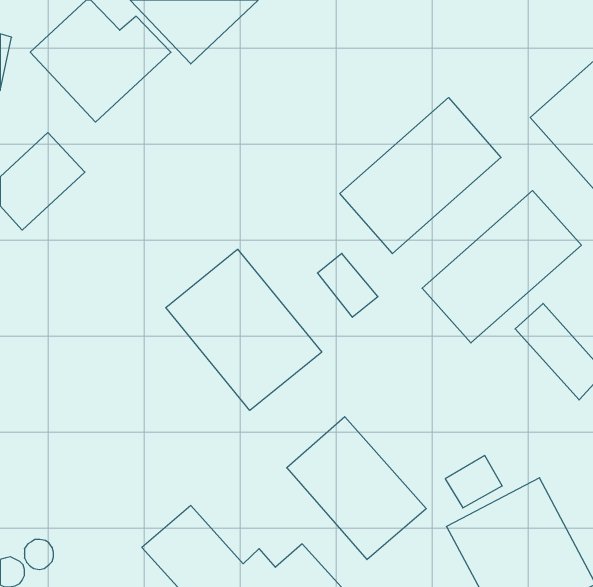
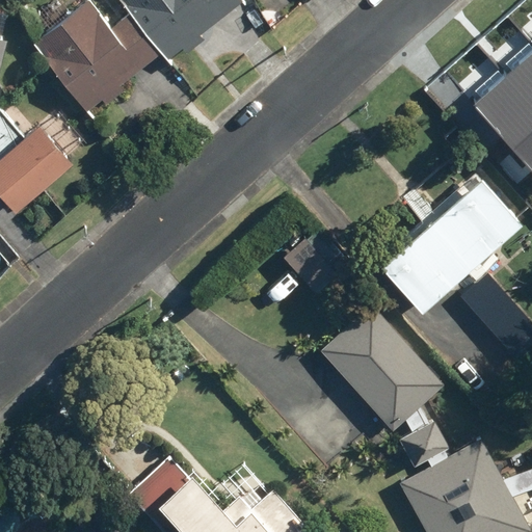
building: [340,98,501,254] -> none
building: [166,249,322,410] -> none
building: [287,417,426,560] -> [321,299,446,427]

